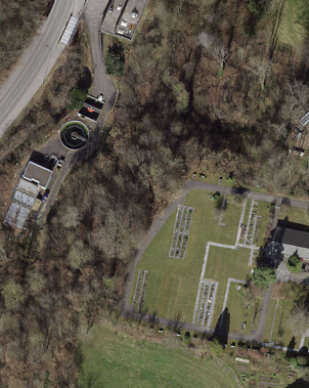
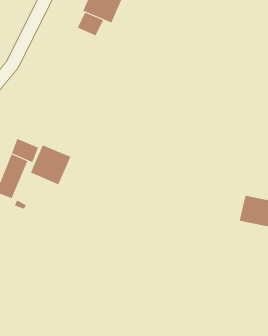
building: none -> [77,12,104,36]
building: none -> [30,144,71,185]

